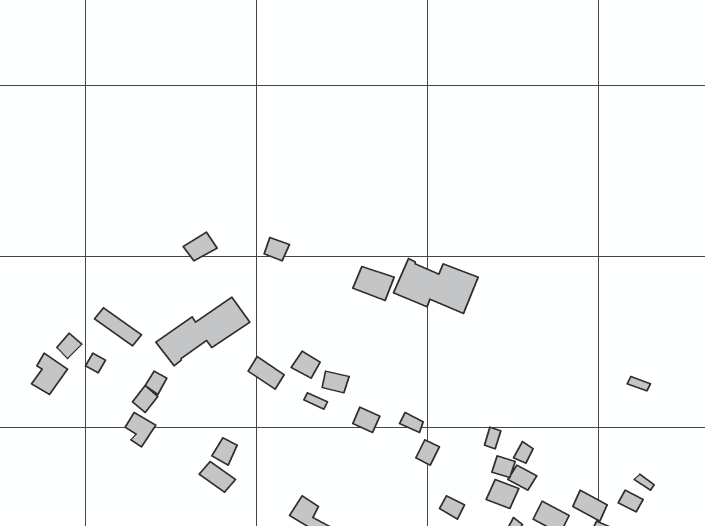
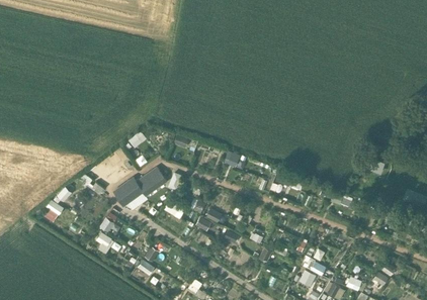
building: [394,259,478,313] -> none

